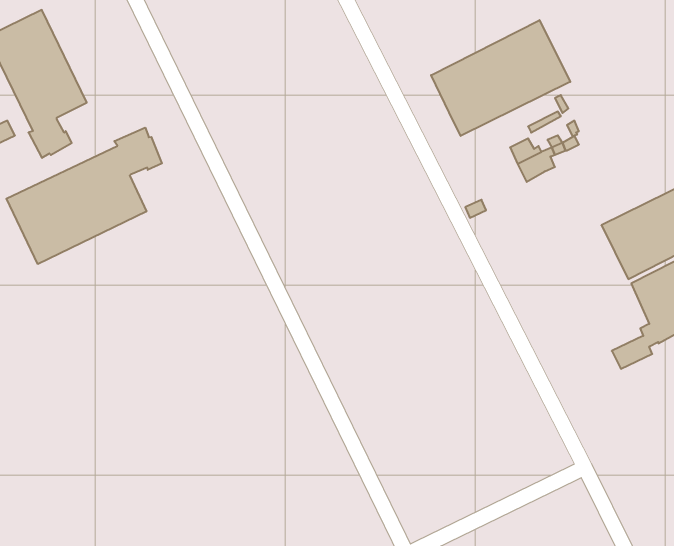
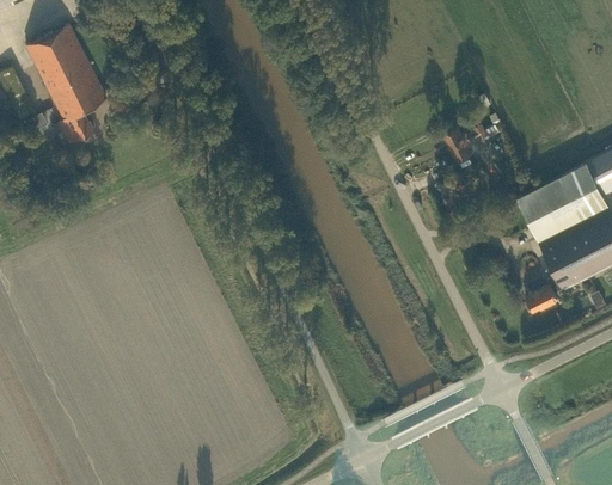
building: [431,20,570,136] -> none
building: [6,128,162,264] -> none

